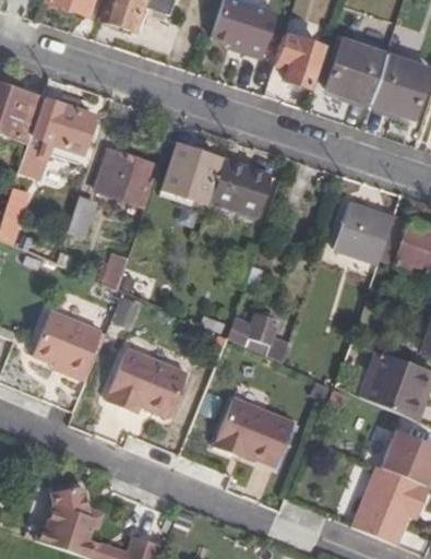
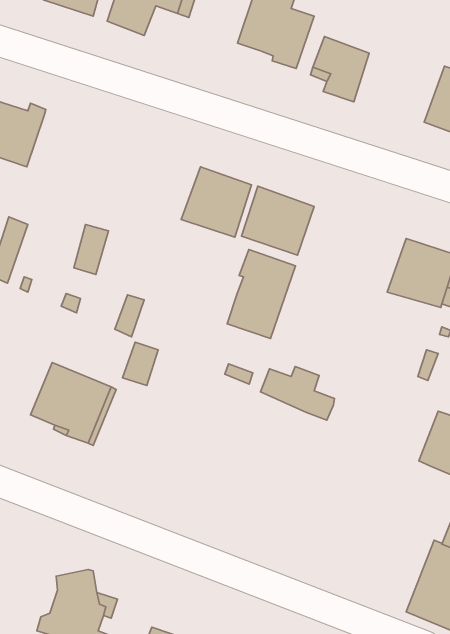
building: [324,43,384,105] -> none
building: [22,98,93,164] -> none
building: [97,152,158,206] -> none
building: none -> [227,250,295,339]
building: [106,346,184,414] -> none
building: [212,395,292,465] -> none

